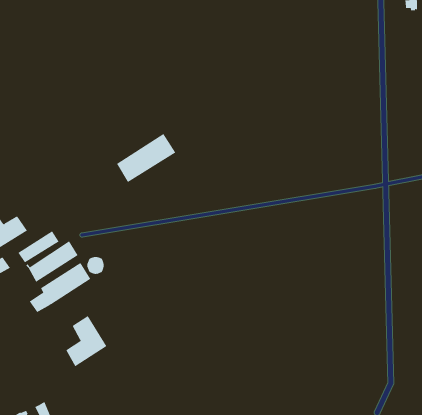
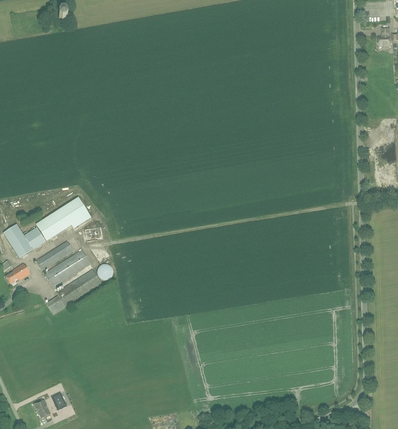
building: [116,133,176,183] -> [36,196,89,240]
building: [66,315,107,367] -> none

